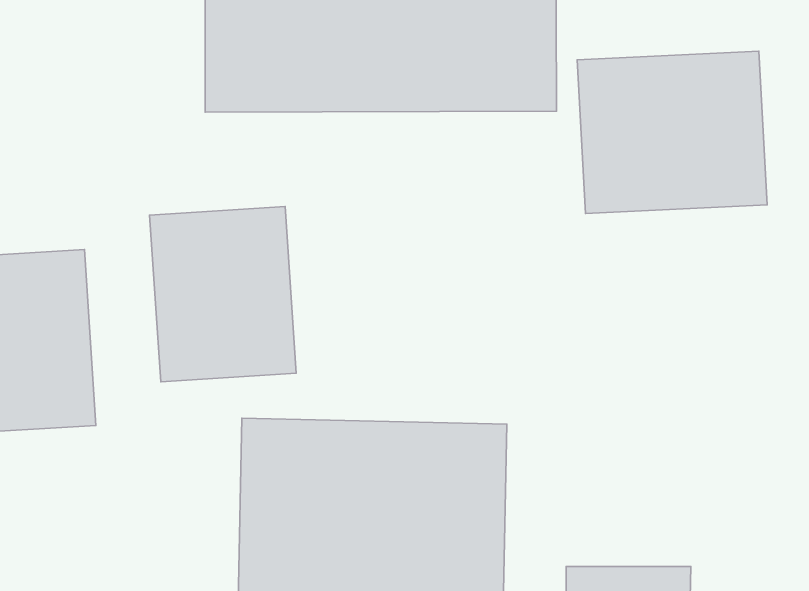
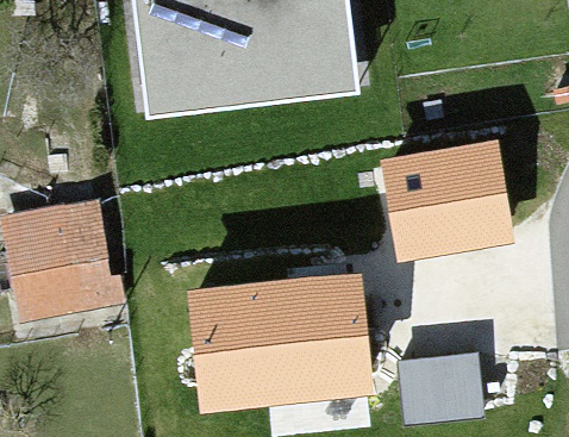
building: [577,51,767,213] -> [384,144,509,255]
building: [150,206,296,382] -> none

